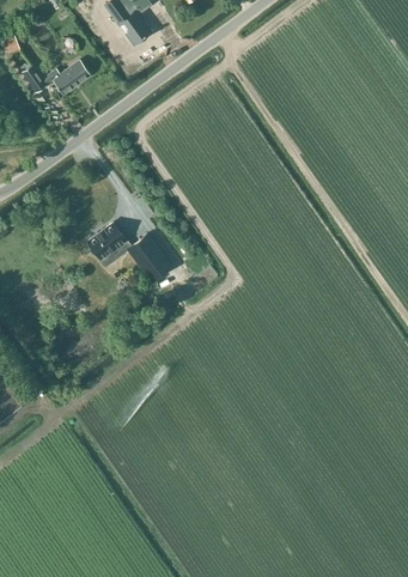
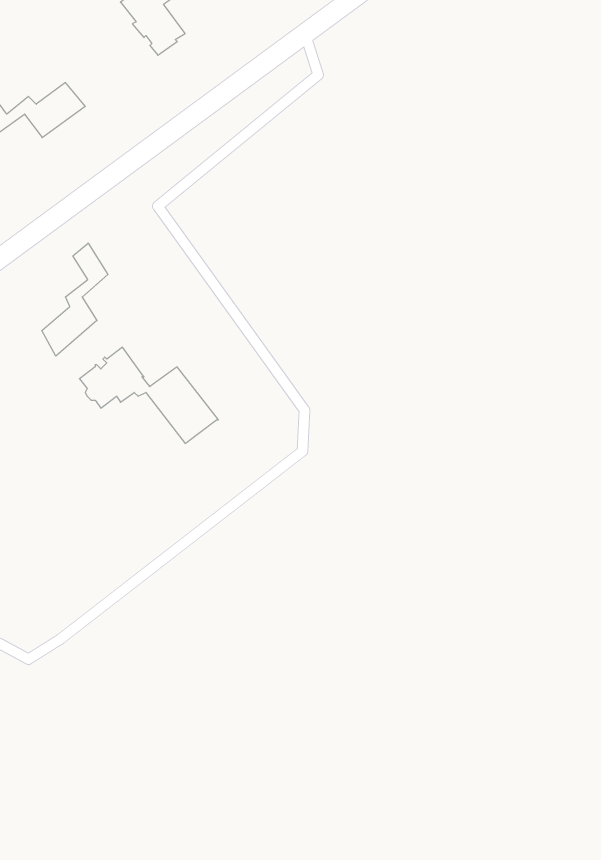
building: none -> [42,243,108,356]

